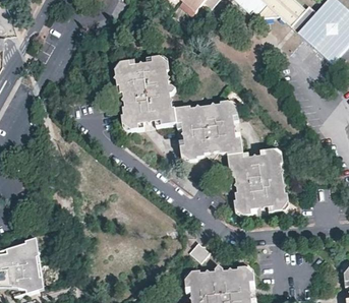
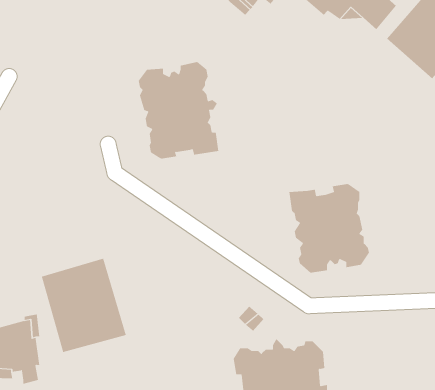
building: [171,99,239,157] -> none
building: none -> [41,258,127,353]

